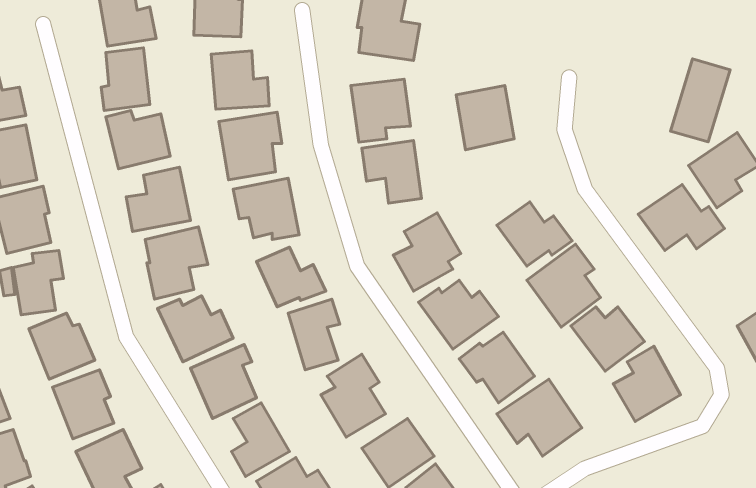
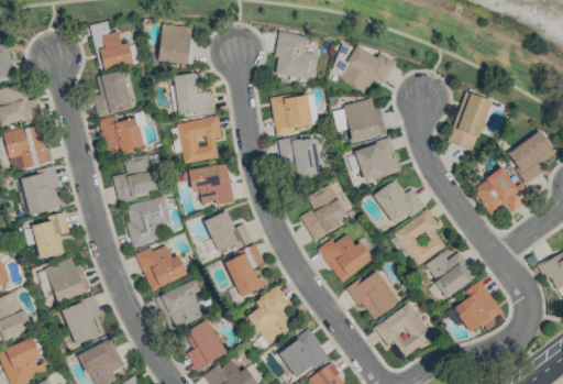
building: none -> [339,45,393,92]
building: [670,59,730,142] -> [448,91,489,150]
building: none -> [354,139,399,180]

